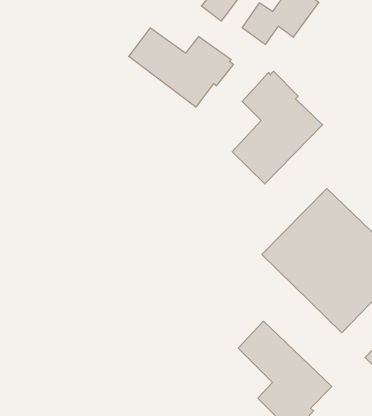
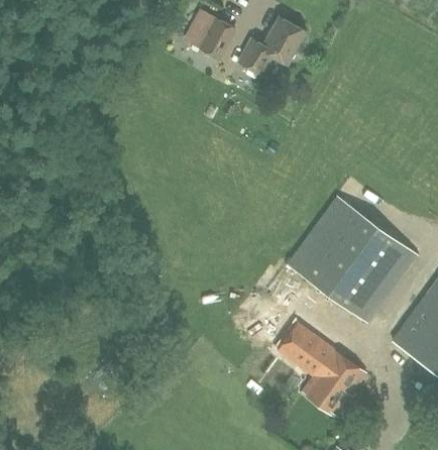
building: [129,28,233,107] -> none
building: [232,71,323,184] -> none

